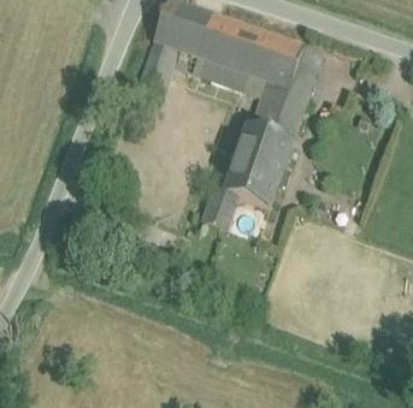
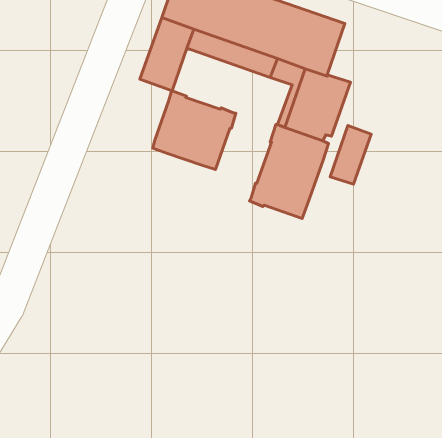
building: [289,46,323,94] -> [330,126,371,184]
building: none -> [153,91,236,169]
building: [203,185,236,229] -> none

